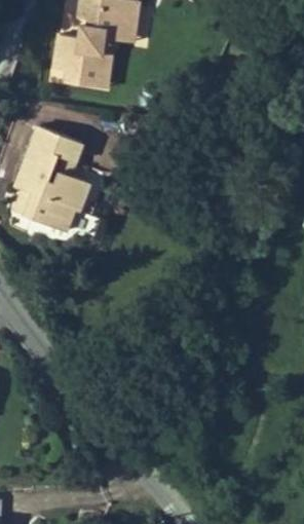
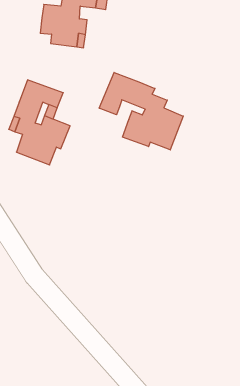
building: none -> [99,72,183,150]

